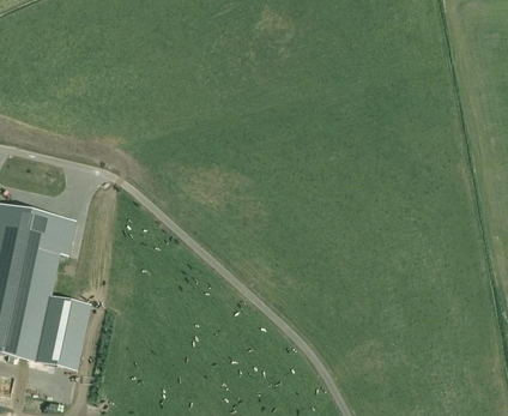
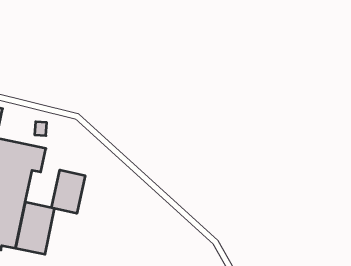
building: none -> [52,170,85,213]

